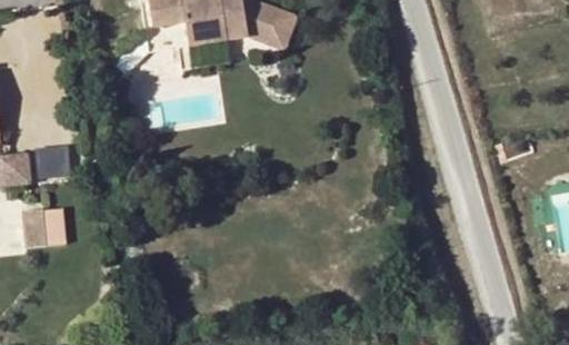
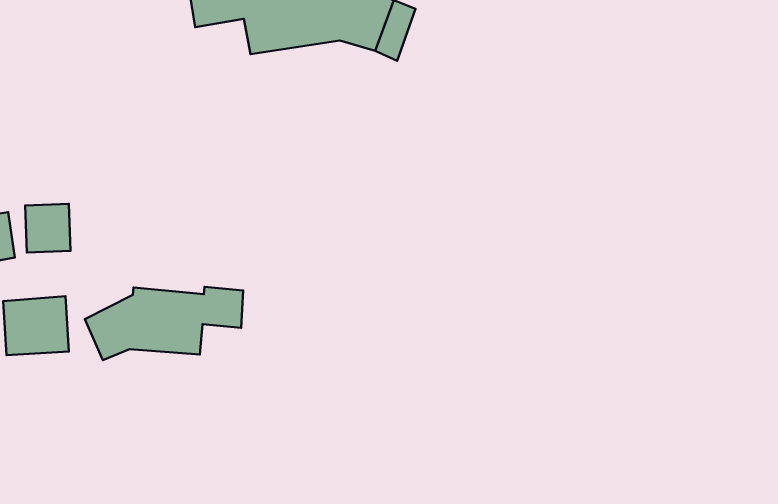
building: none -> [85,287,243,360]

